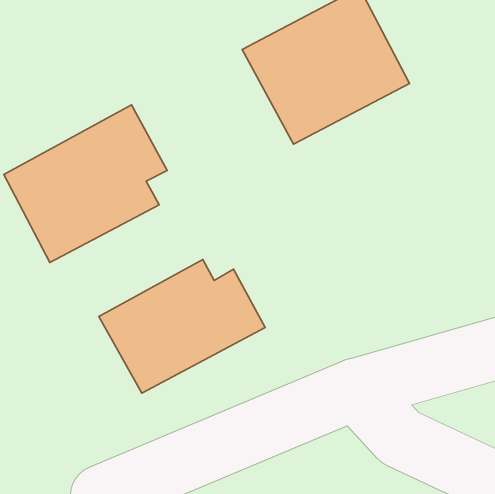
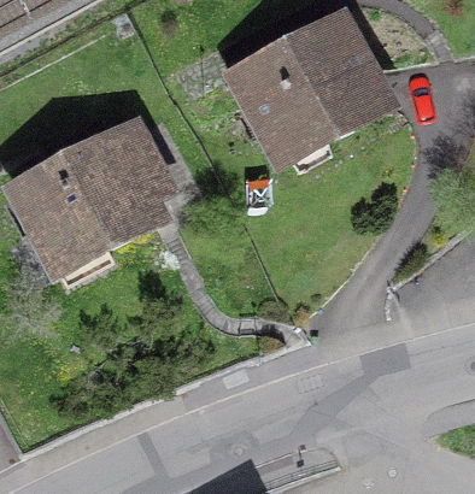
building: [99,259,265,393] -> none

